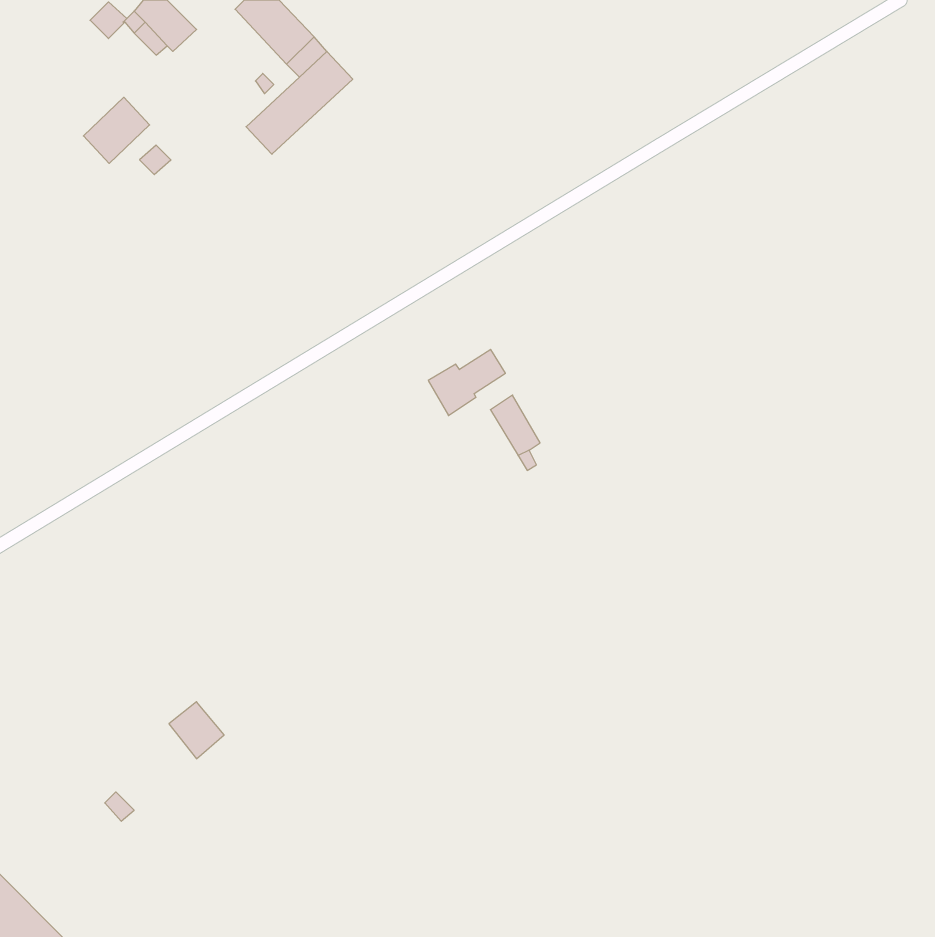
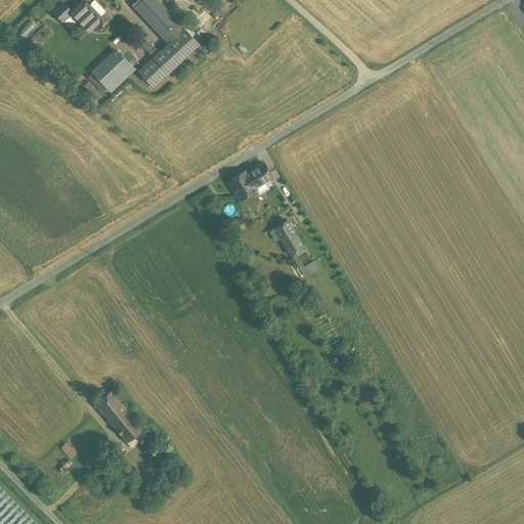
building: [83,97,150,163] -> [91,51,128,88]
building: [428,349,505,416] -> [227,164,270,201]
building: none -> [110,410,141,442]

